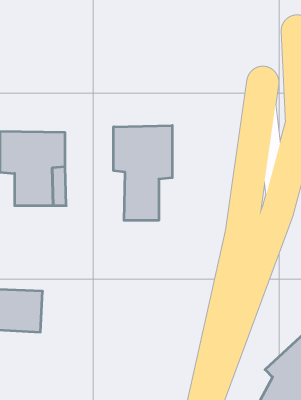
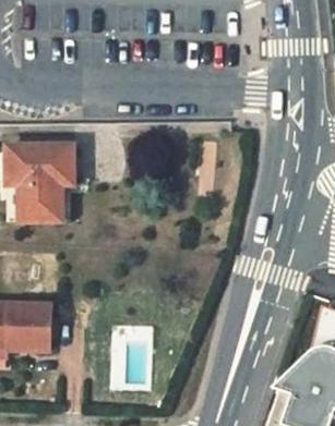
building: [114,125,172,220] -> none

